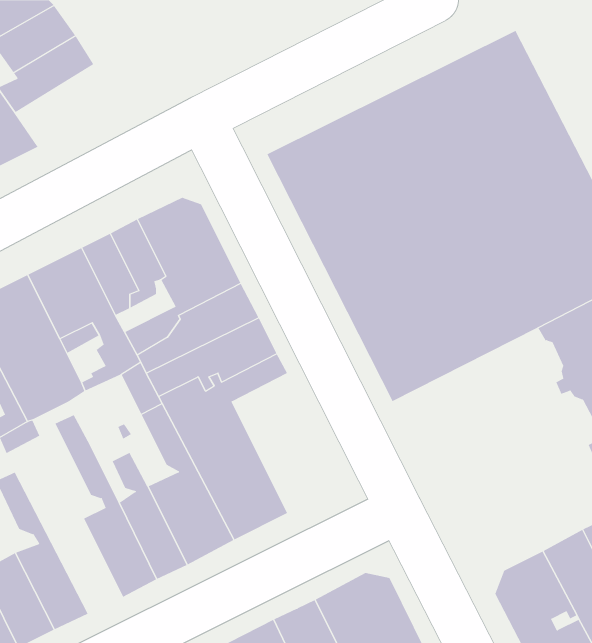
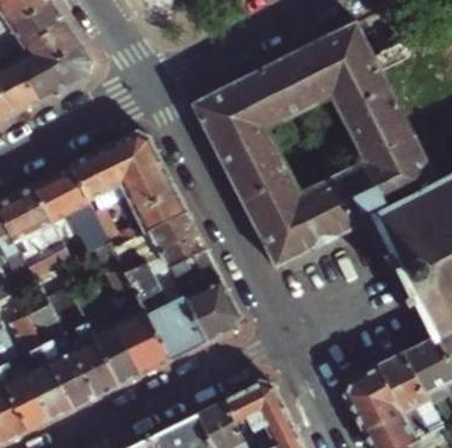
building: none -> [24,44,89,99]
building: none -> [168,249,239,342]
building: none -> [24,307,95,409]

